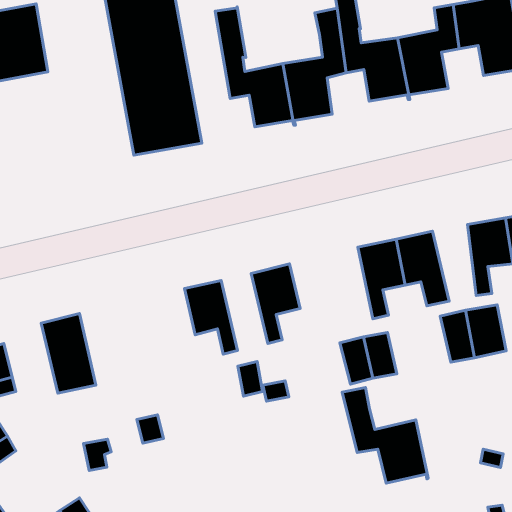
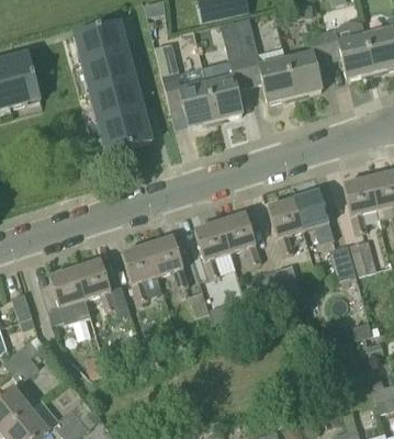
building: none -> [221,212,261,263]
building: none -> [122,244,158,301]
building: none -> [76,259,116,316]
building: [342,388,428,483] -> none

